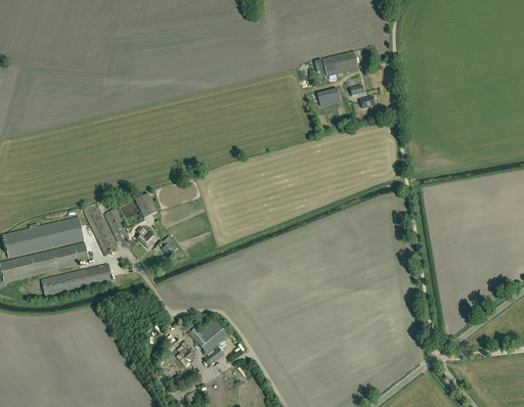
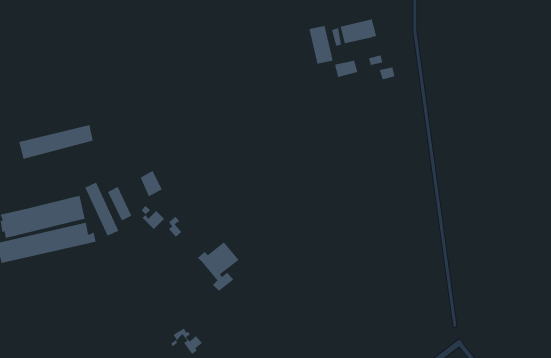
building: none -> [309,25,333,65]
building: [41,263,112,296] -> [19,125,93,159]
building: [189,317,229,364] -> [197,241,239,291]

